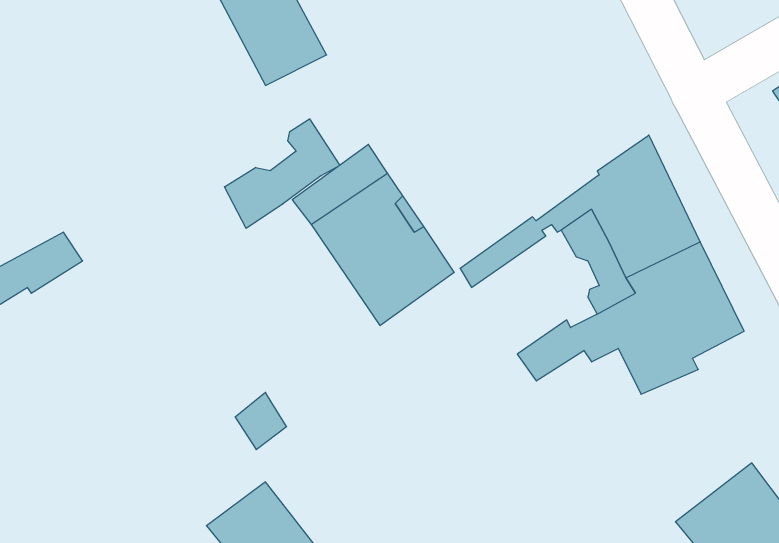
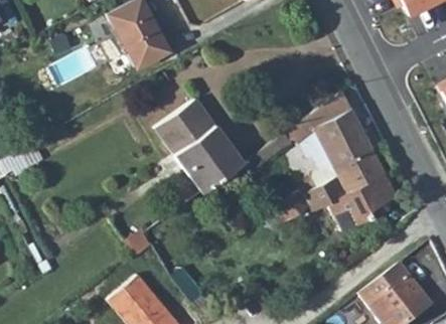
building: [224,119,340,228] -> none

